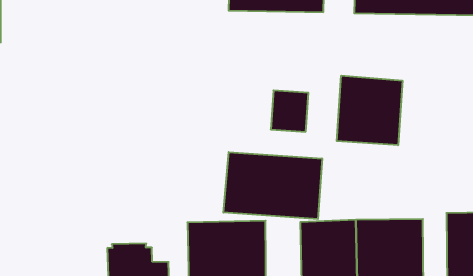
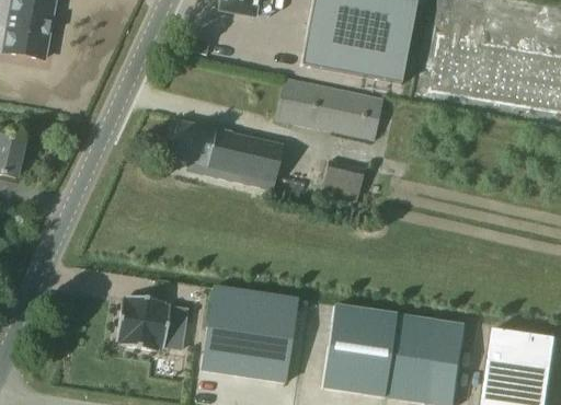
building: none -> [275,76,383,140]
building: [337,76,402,145] -> none
building: none -> [170,118,284,189]
building: [223,152,322,219] -> none

